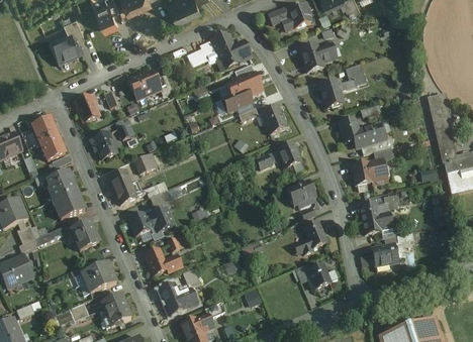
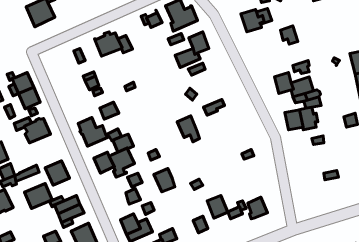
building: [319,81,343,107] -> none
building: [74,94,99,122] -> none
building: [261,105,286,134] -> none
building: [90,131,117,158] -> none
building: [277,142,303,173] -> [177,116,200,142]
building: [286,179,315,208] -> none
building: [53,190,85,219] -> [25,183,52,209]
building: [359,202,392,233] -> none
building: [302,222,326,248] -> [207,196,228,218]
building: [371,243,397,266] -> none
building: [144,247,168,274] -> [154,169,175,192]

